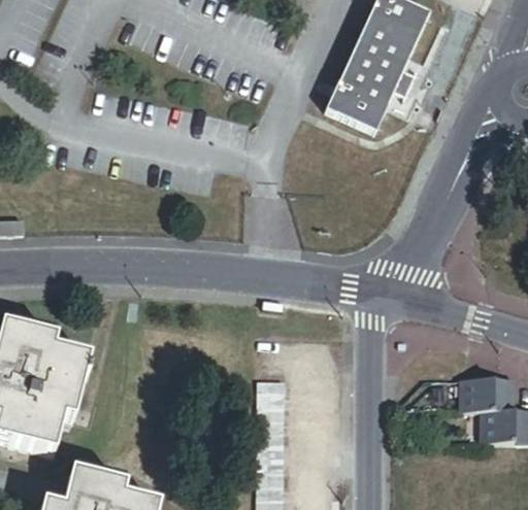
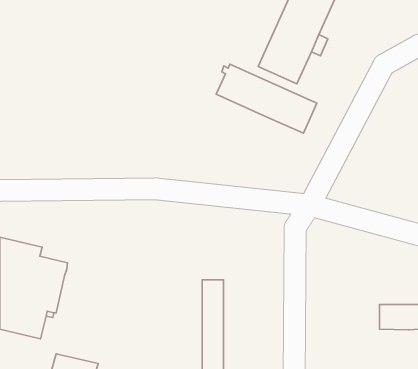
building: none -> [216,64,317,133]
building: [458,377,510,409] -> none

